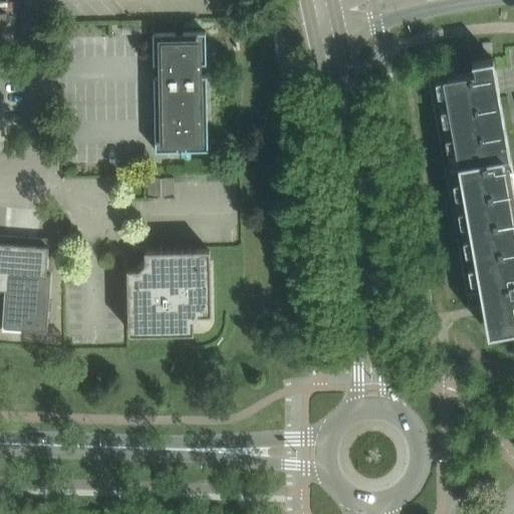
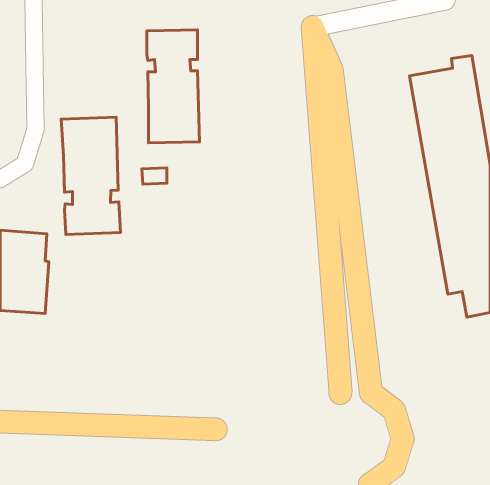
building: none -> [61,117,121,234]
building: [127,252,212,337] -> none

